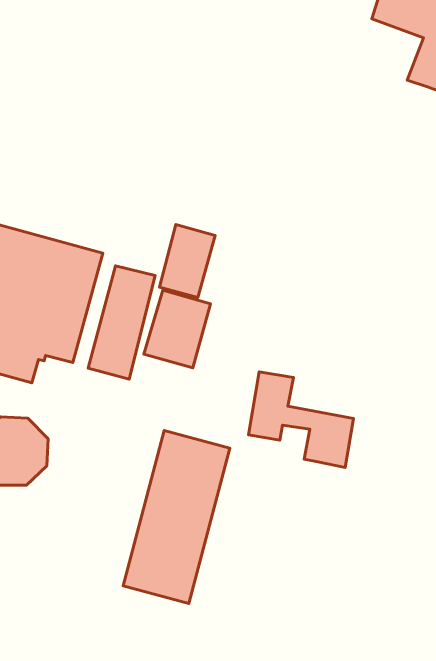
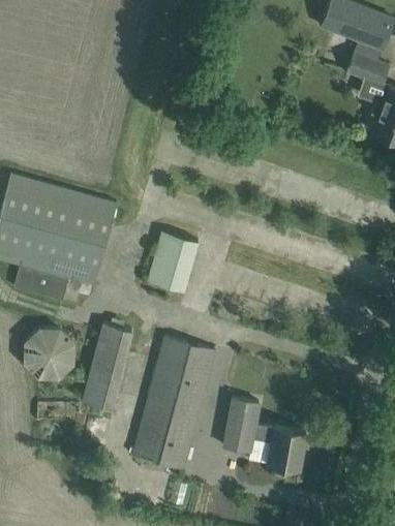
building: [159,224,215,298] -> none
building: [88,266,155,379] -> [82,324,132,410]
building: [248,372,353,467] -> [226,398,306,470]

